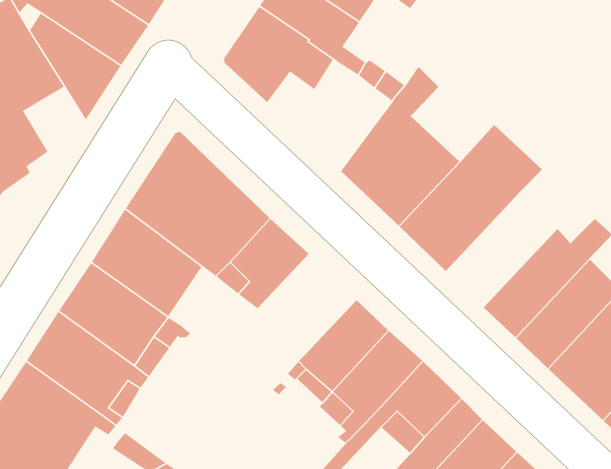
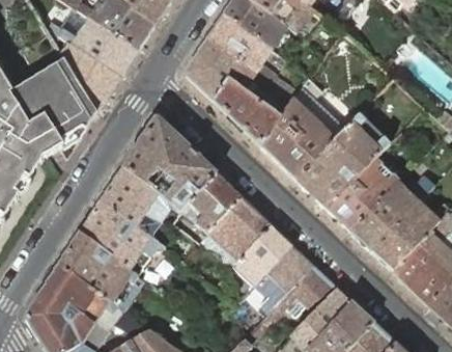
building: none -> [214,79,284,142]
building: none -> [58,88,97,138]
building: none -> [328,156,399,229]
building: none -> [207,195,271,260]

